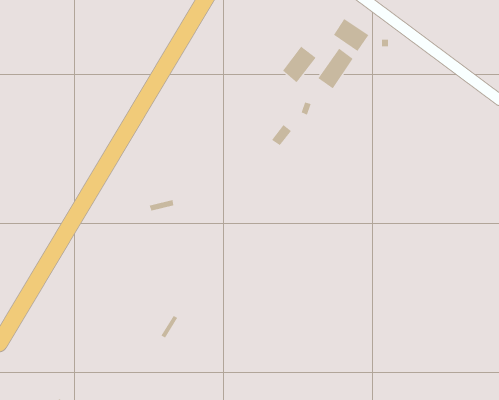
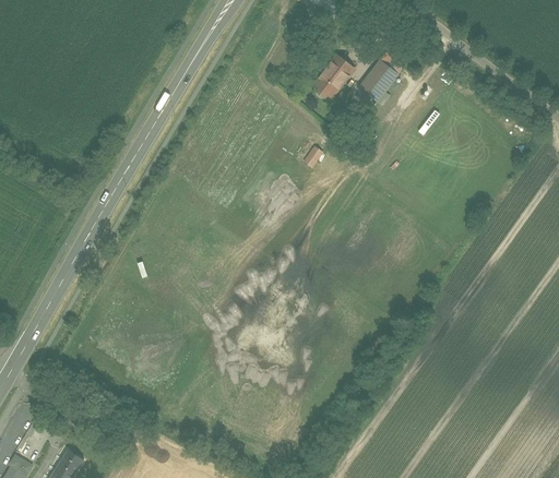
building: [333,18,369,52] -> none

